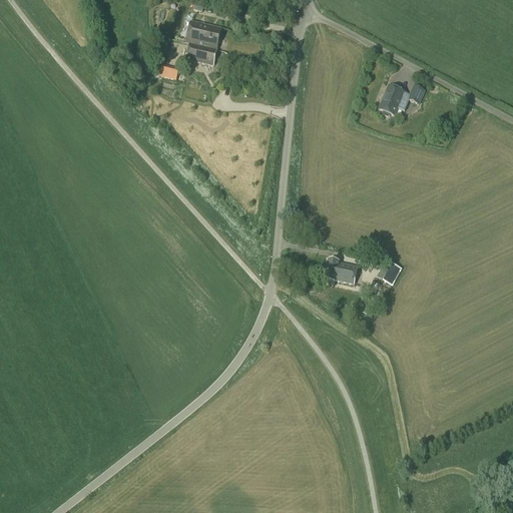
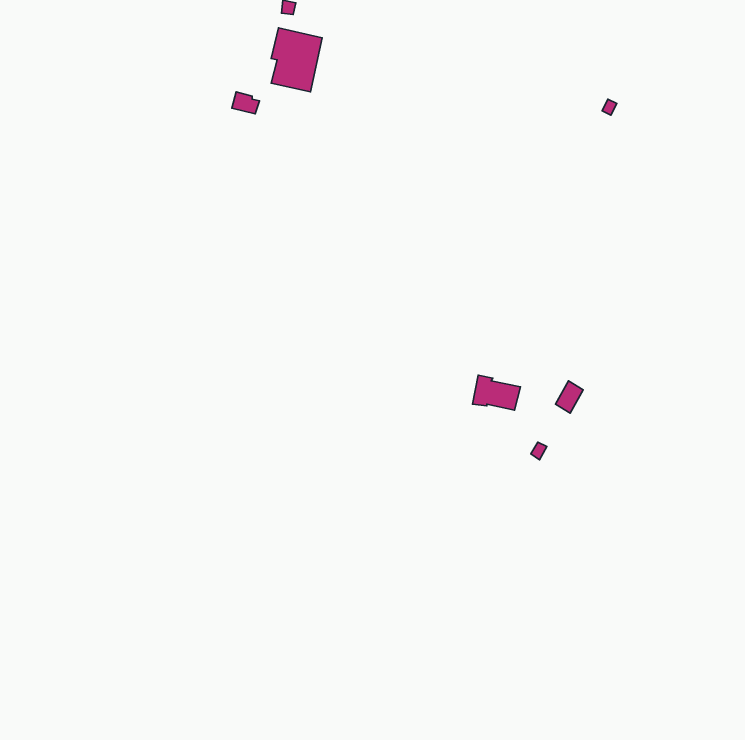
building: [379,83,424,115] -> none

